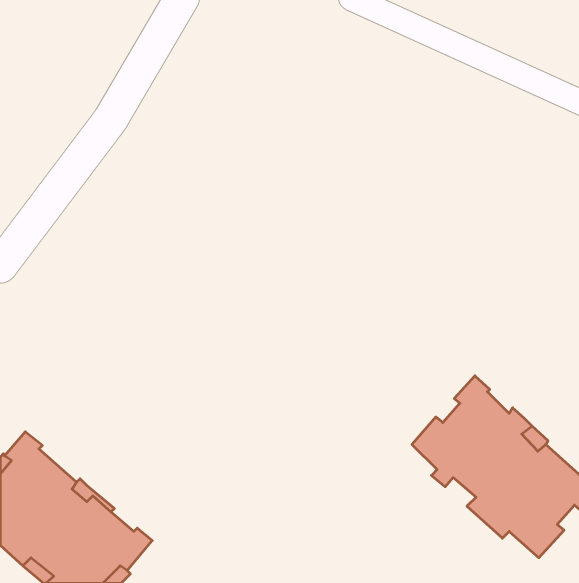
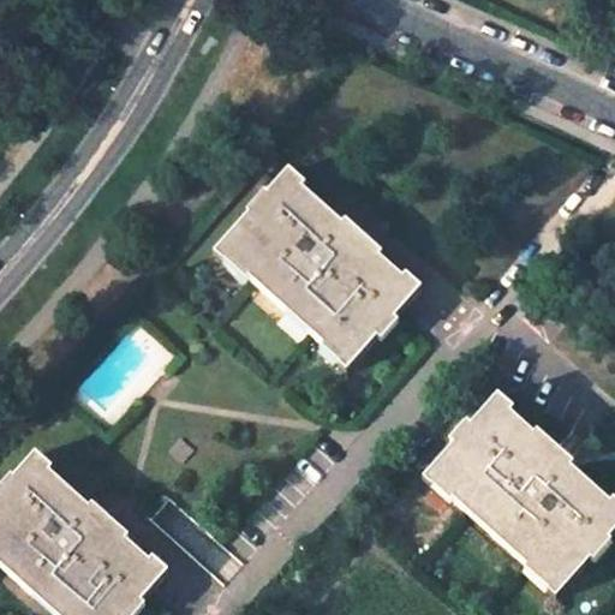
building: none -> [205,166,418,366]

